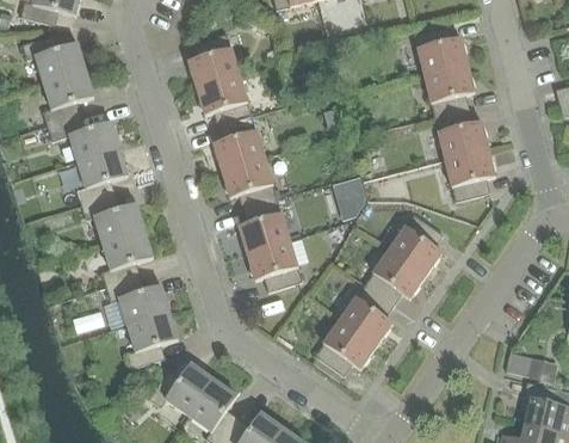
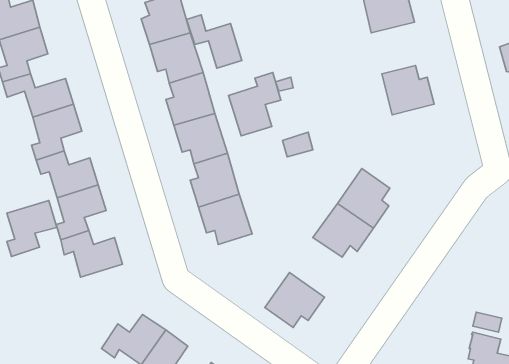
building: none -> [187,15,242,68]
building: [423,63,474,116] -> none
building: none -> [229,72,281,136]
building: [445,147,495,201] -> none
building: [340,283,394,344] -> none
building: [126,310,178,368] -> [7,200,57,257]

